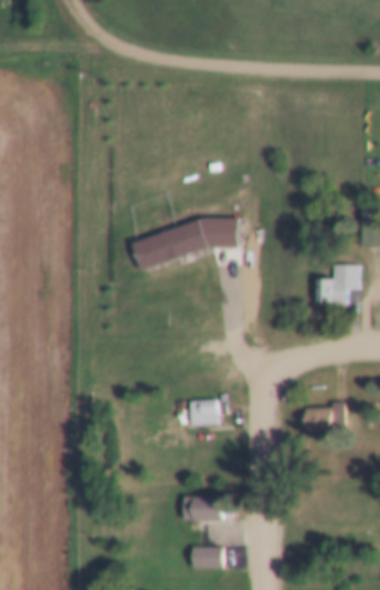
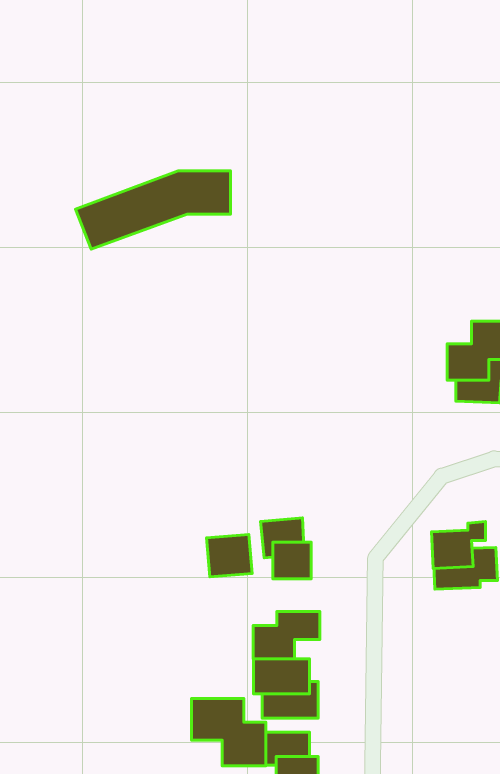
building: [133,215,239,269] -> [75,171,231,249]
building: none -> [207,534,252,577]
building: none -> [253,612,320,659]
building: none -> [191,698,266,766]

